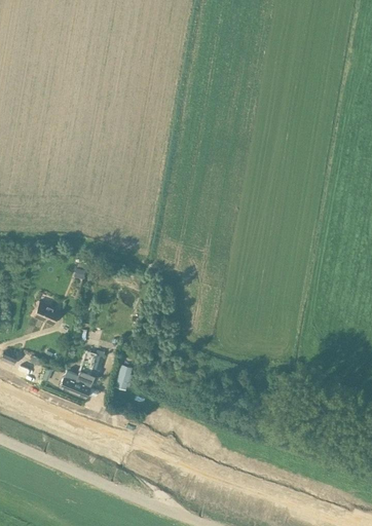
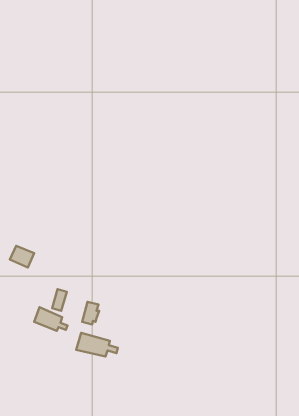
building: none -> [76,333,118,357]

